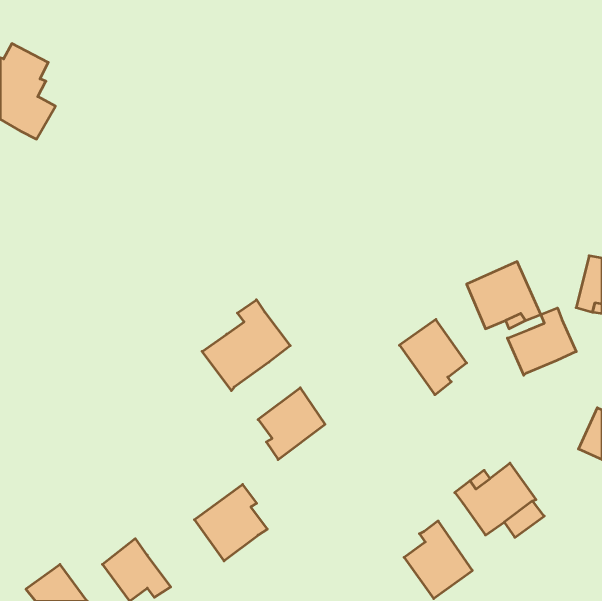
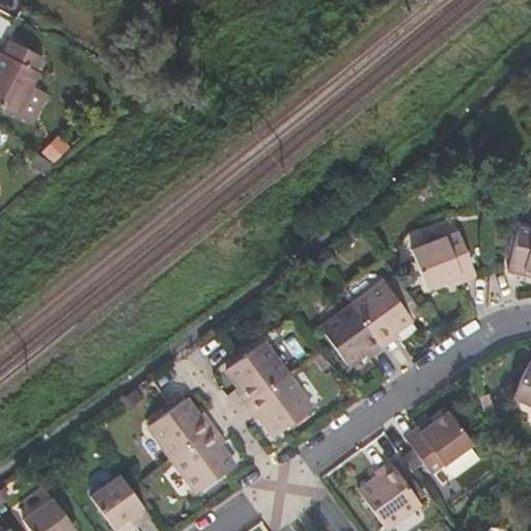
building: [202,300,290,391] -> none
building: [507,308,576,375] -> none
building: none -> [320,304,383,366]
building: none -> [245,373,312,436]
building: none -> [148,398,214,457]

